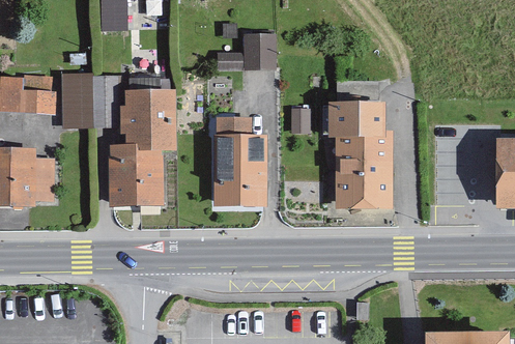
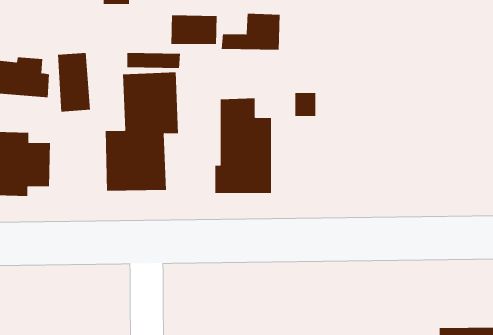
building: none -> [171,14,217,45]
building: [328,103,393,209] -> none

